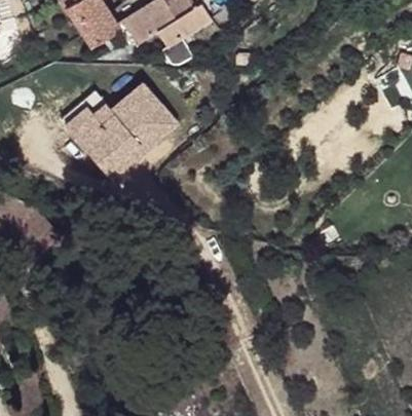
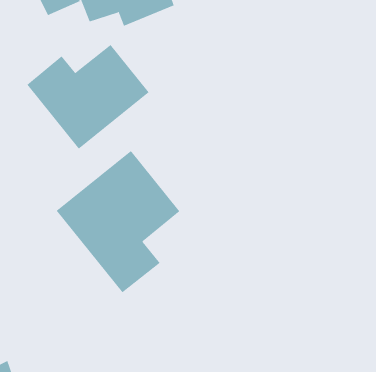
building: none -> [56,150,180,293]

